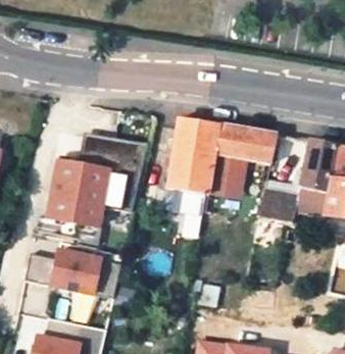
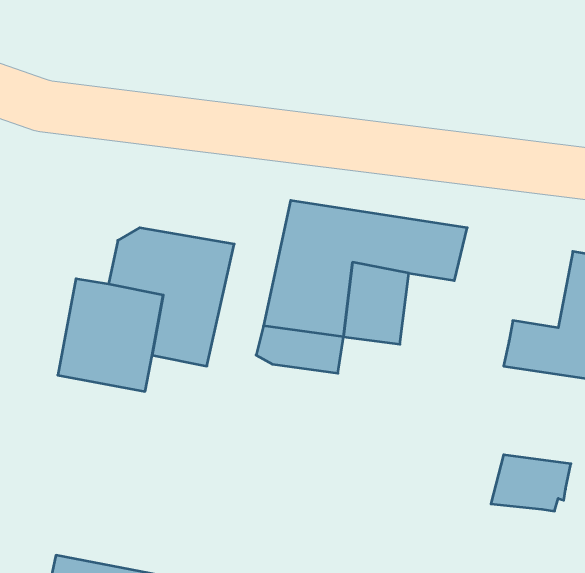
building: [302,141,336,190] -> none
building: [255,192,300,223] -> [491,455,571,511]
building: [22,250,118,300] -> none

